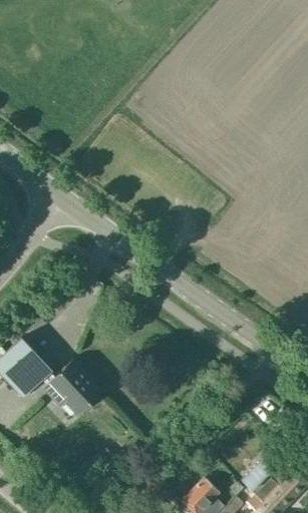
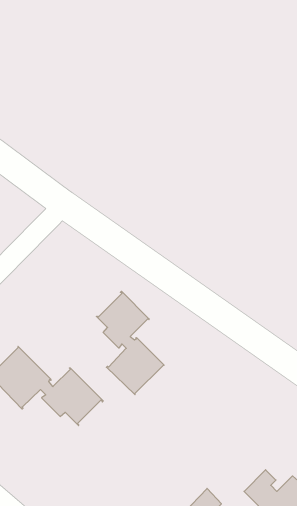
building: none -> [96,291,164,395]

